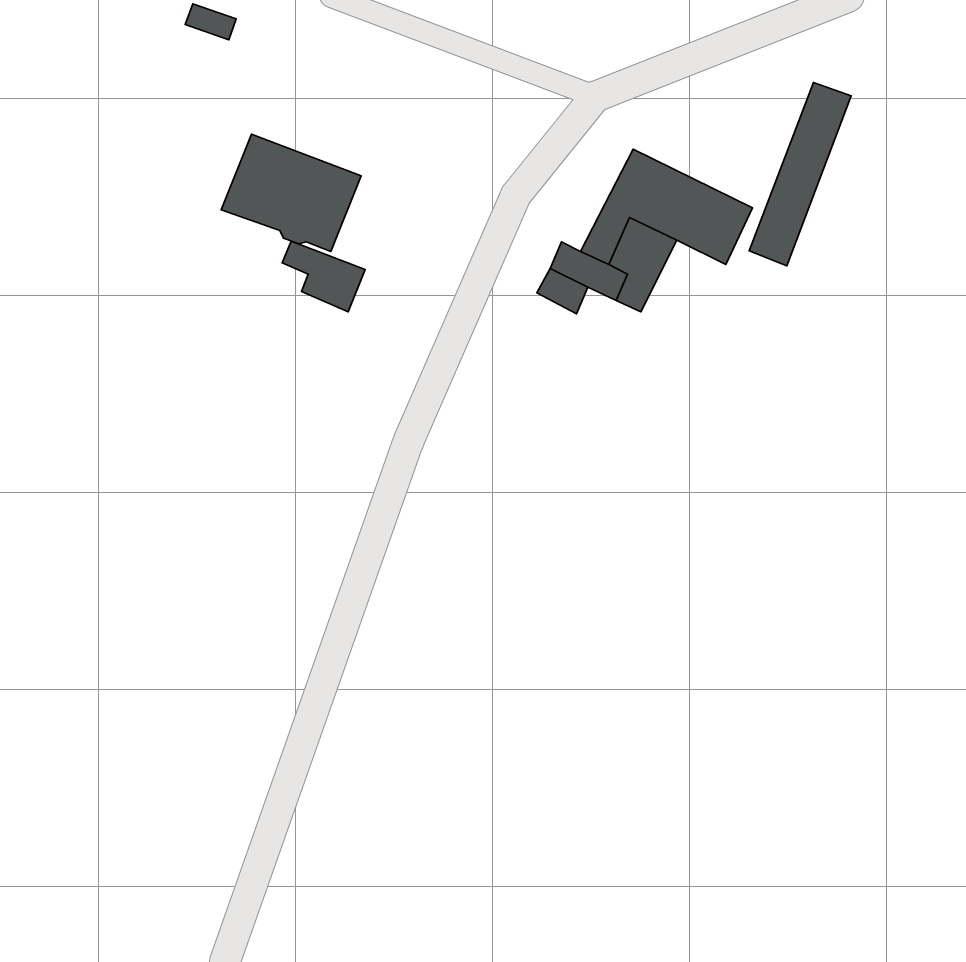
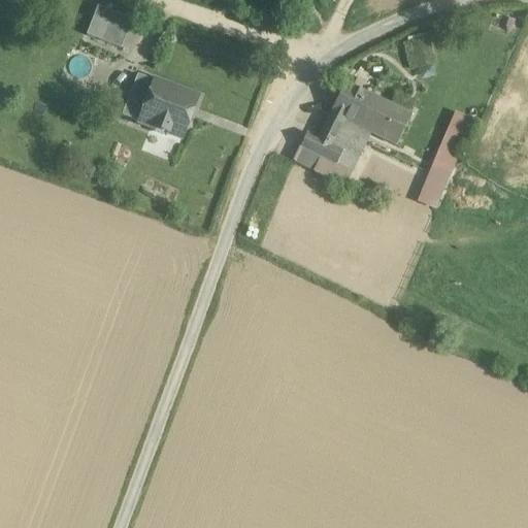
building: none -> [95,13,133,42]
building: [749,83,851,266] -> [418,108,473,208]
building: [282,241,365,312] -> none

